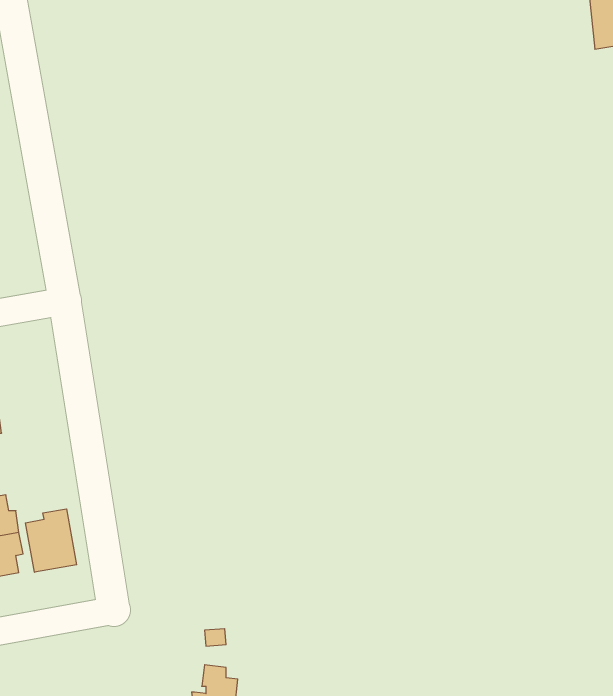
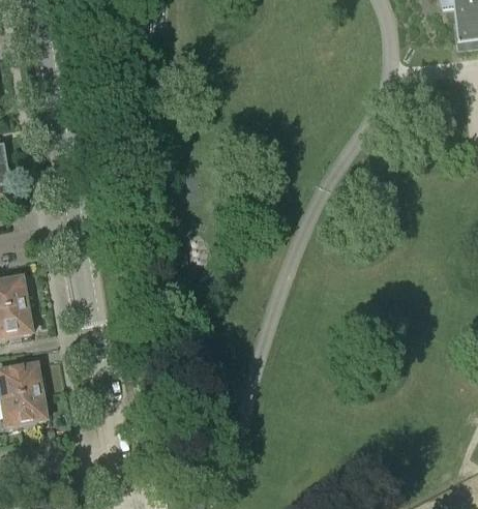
building: [25,509,77,572] -> none

